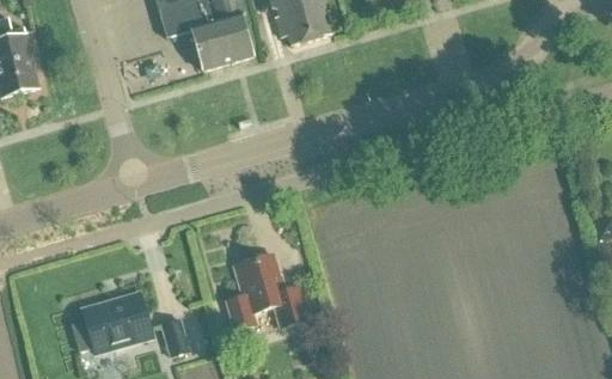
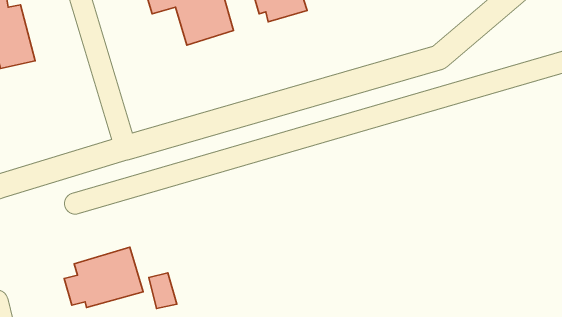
building: [225,253,308,329] -> none

